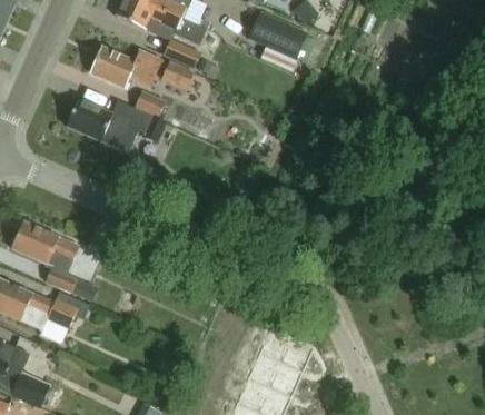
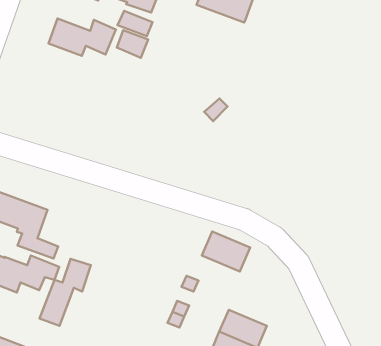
building: [66,88,168,152] -> none
building: none -> [39,259,91,326]
building: [263,335,314,378] -> [202,232,250,272]

